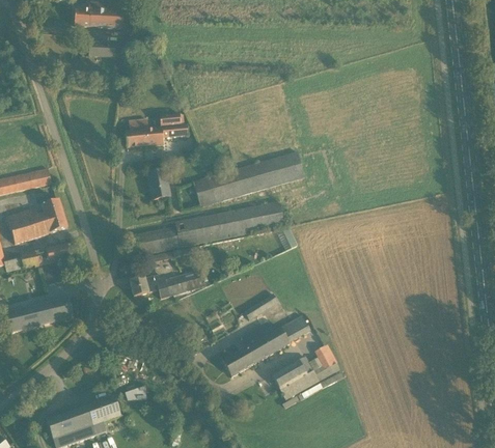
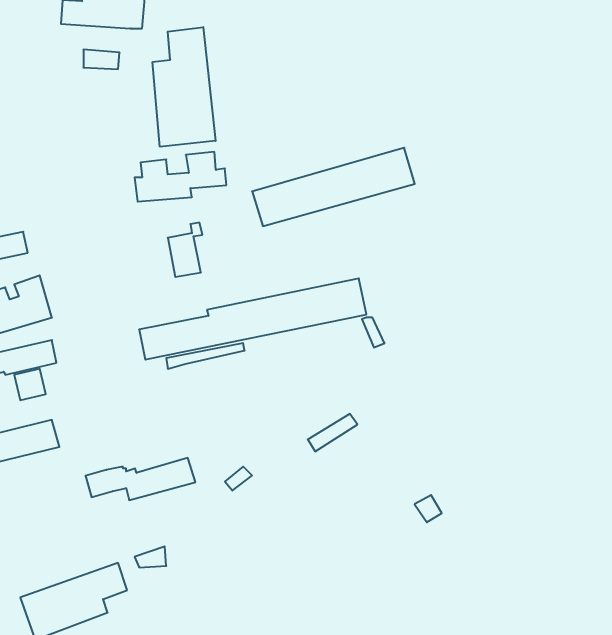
building: none -> [153,27,216,147]
building: [193,151,305,205] -> [252,148,415,226]
building: [130,269,205,298] -> [85,458,195,500]
building: [222,314,310,376] -> none
building: [272,359,319,398] -> none

